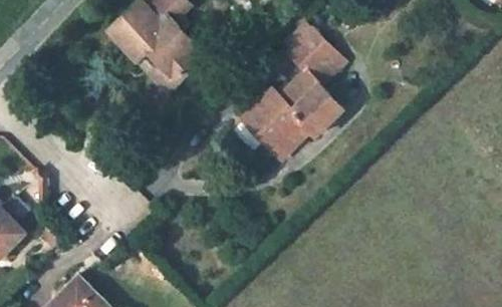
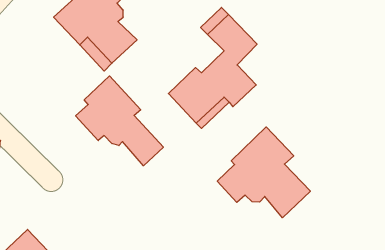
building: none -> [76,76,163,166]
building: none -> [217,127,310,218]

